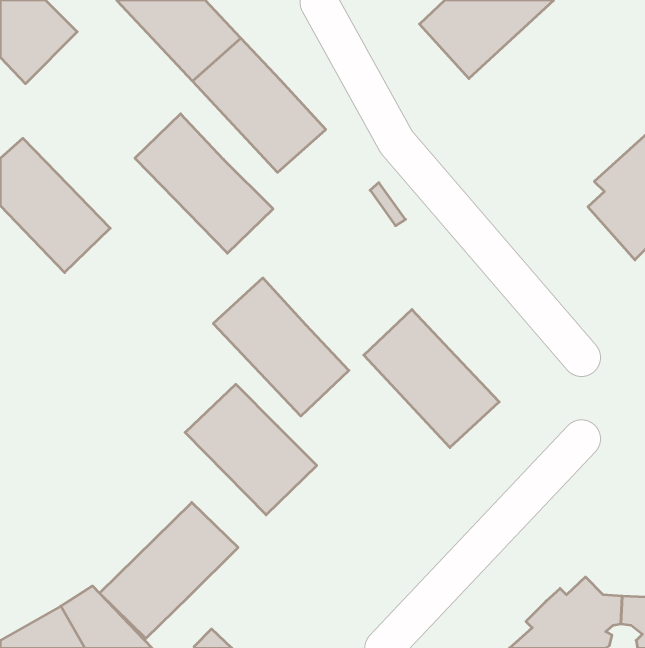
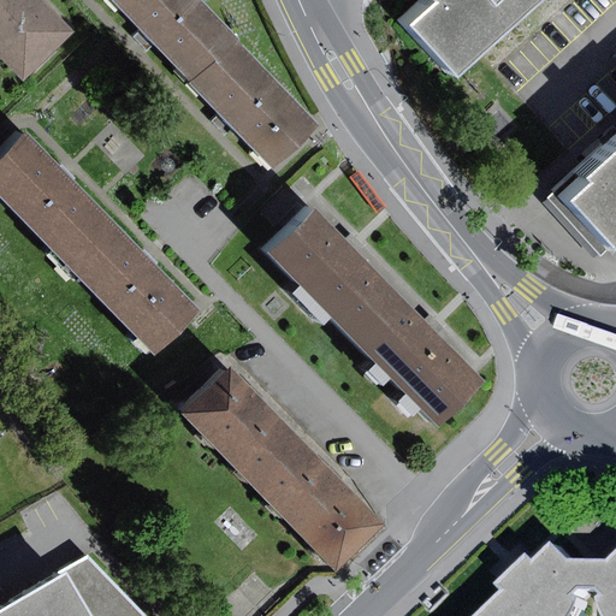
building: [135,114,273,253] -> [64,217,195,349]
building: [213,278,349,416] -> [265,206,393,337]
building: none -> [255,442,381,568]
building: [100,502,238,638] -> none

